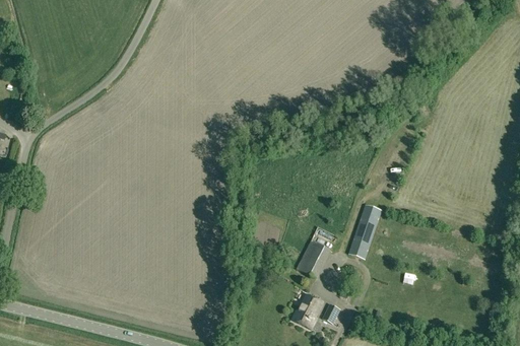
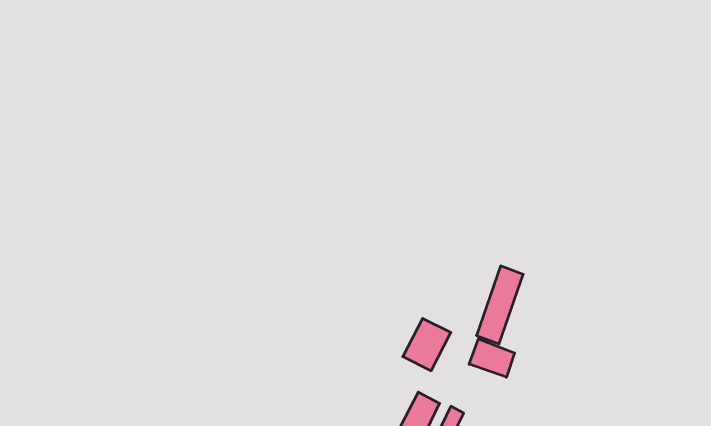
building: none -> [469,339,515,377]

